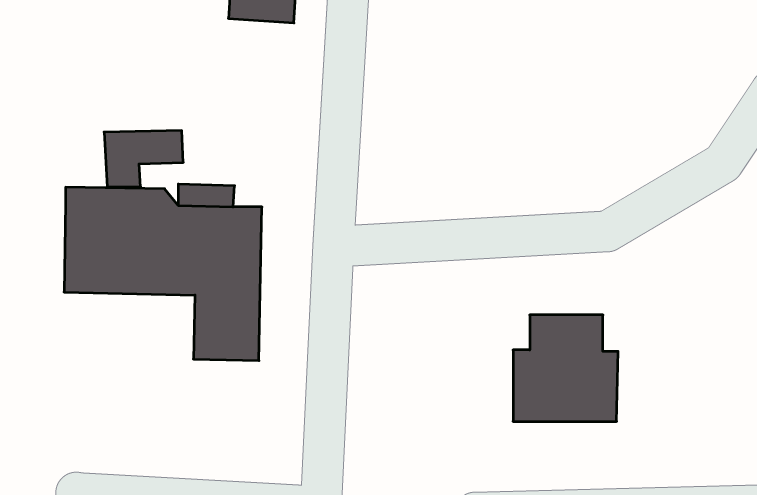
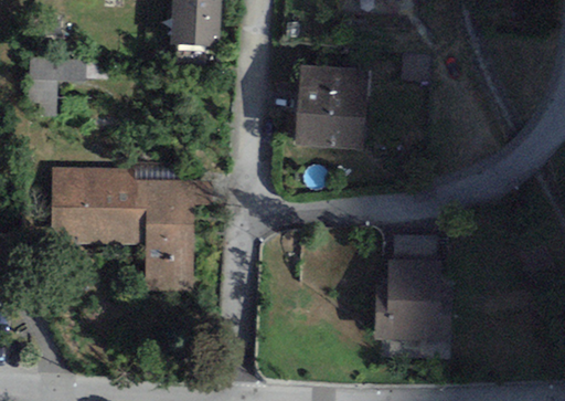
building: none -> [294,66,370,151]
building: [104,131,183,187] -> [33,57,90,98]

